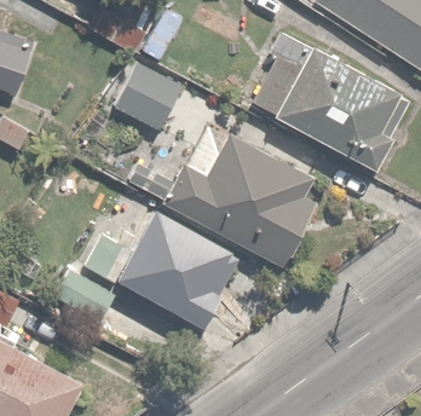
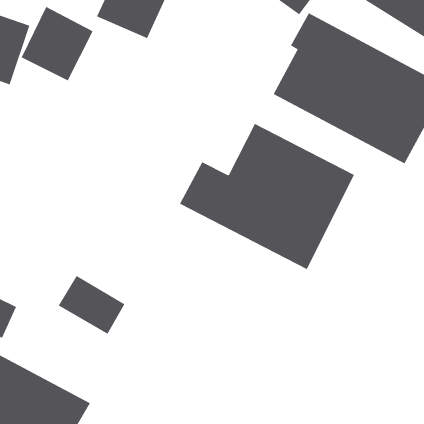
building: [115,64,181,133] -> [21,6,93,81]
building: [86,210,243,327] -> none

